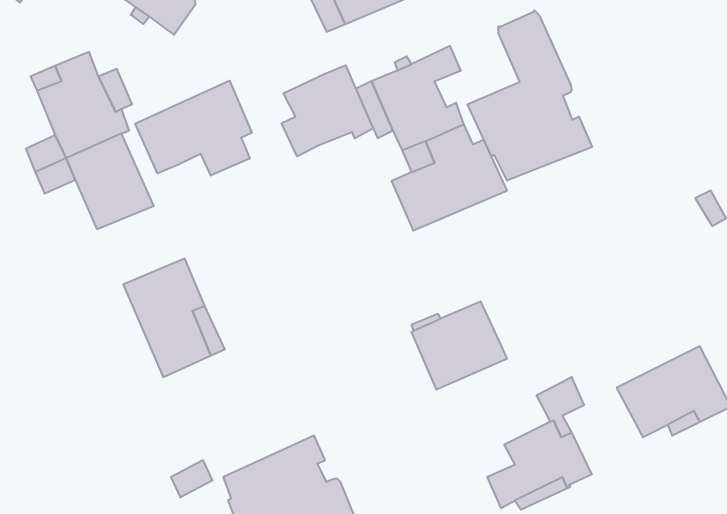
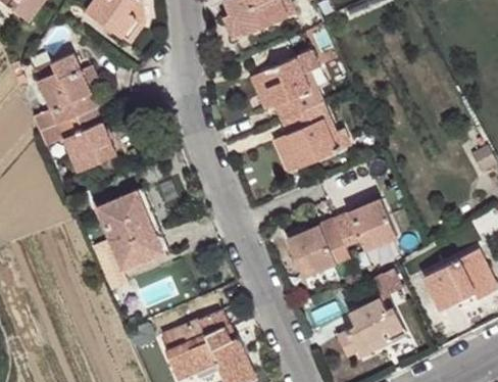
building: [468,10,592,181] -> none
building: [282,65,373,156] -> none
building: [135,81,252,176] -> none
building: none -> [333,198,397,250]

